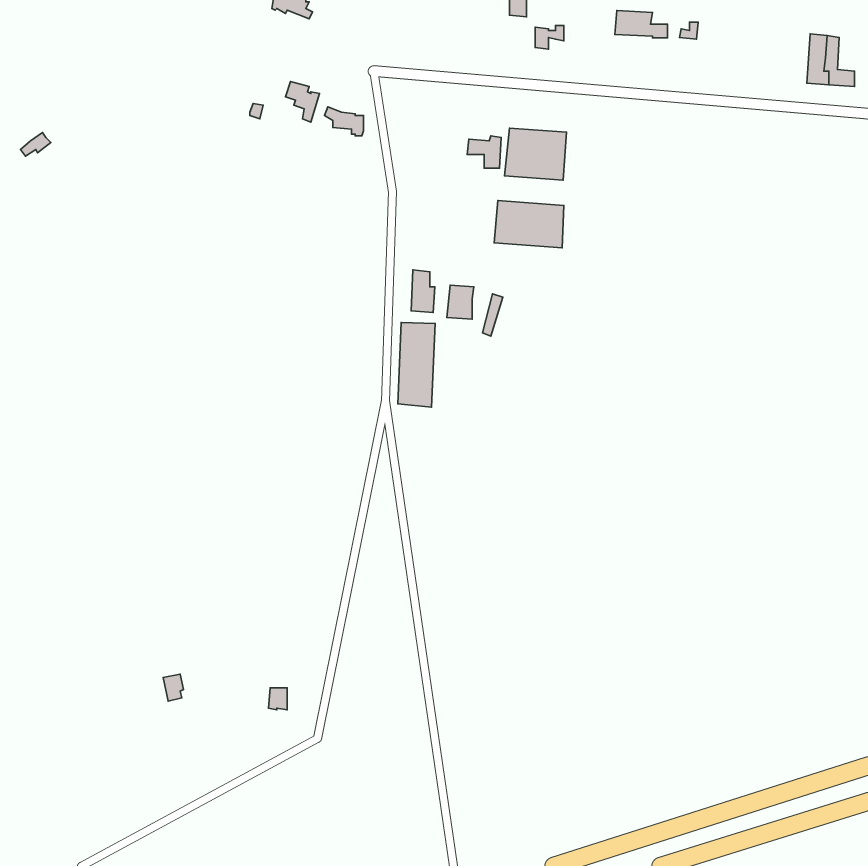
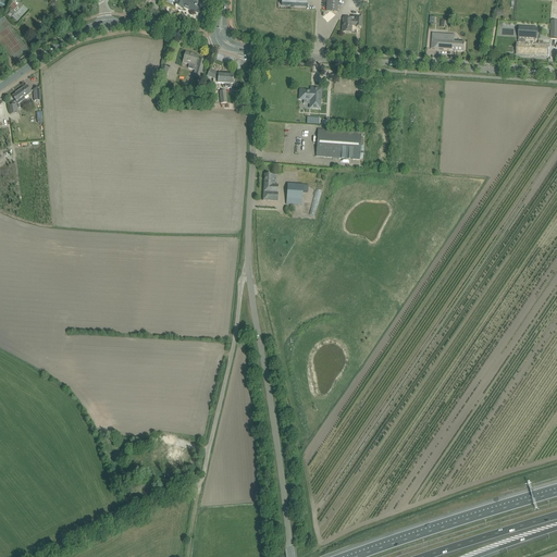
building: [615,11,668,38] -> [431,33,465,50]
building: [505,128,567,180] -> none
building: [398,322,435,407] -> none

